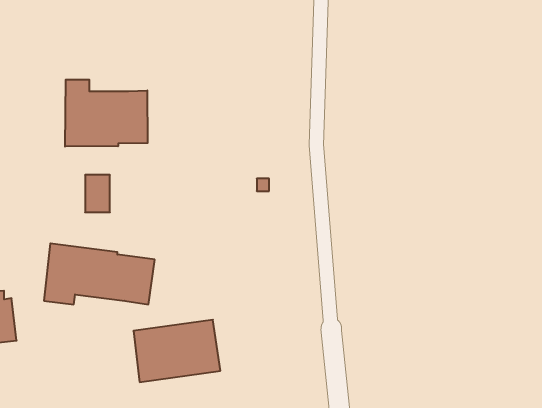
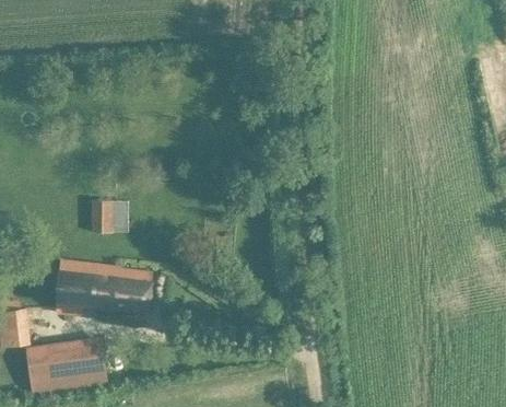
building: [65,80,148,147] -> none
building: [133,320,220,382] -> [28,338,105,393]

